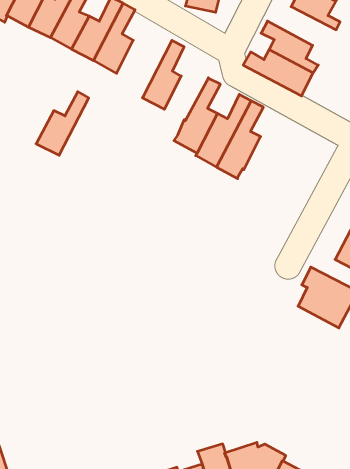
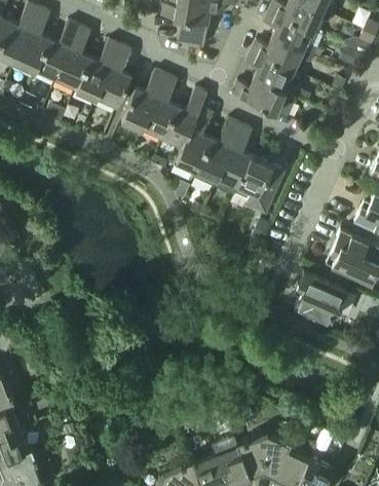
building: none -> [252,37,314,71]
building: none -> [163,87,209,146]
building: [36,92,89,155] -> [121,69,166,127]
building: none -> [234,156,285,213]

